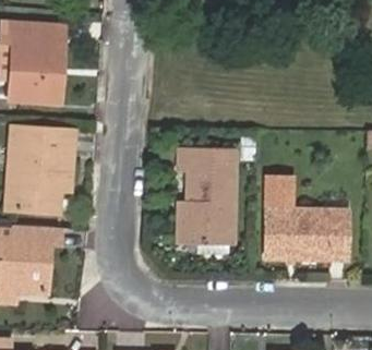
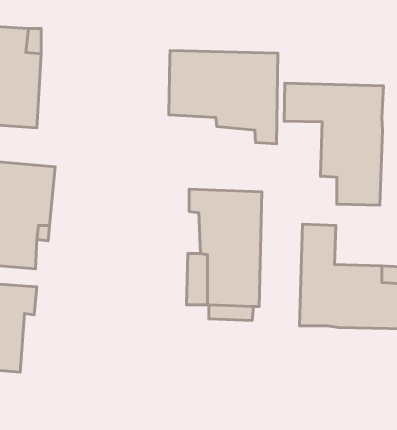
building: none -> [169,50,278,144]
building: none -> [284,83,383,205]

